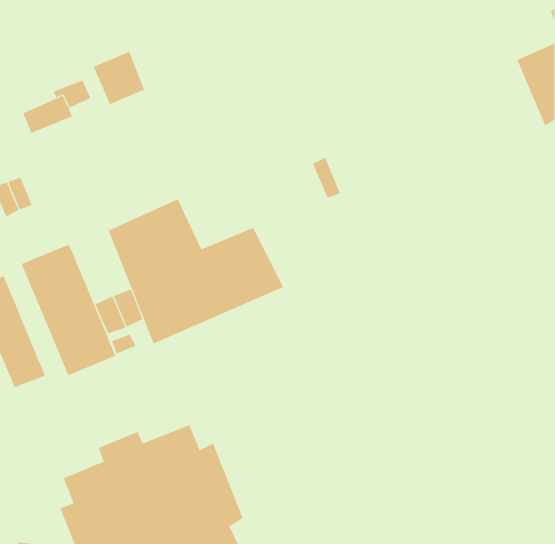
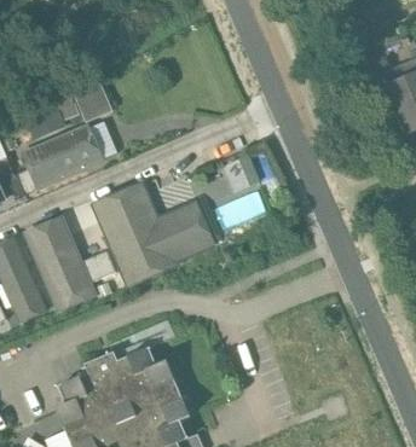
building: none -> [24,121,103,182]

